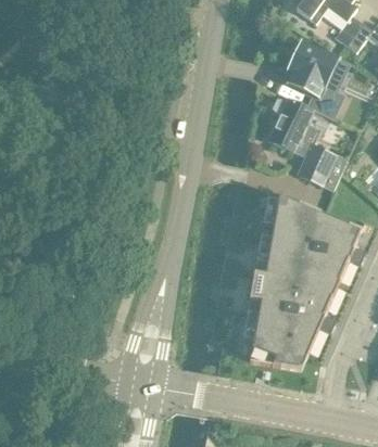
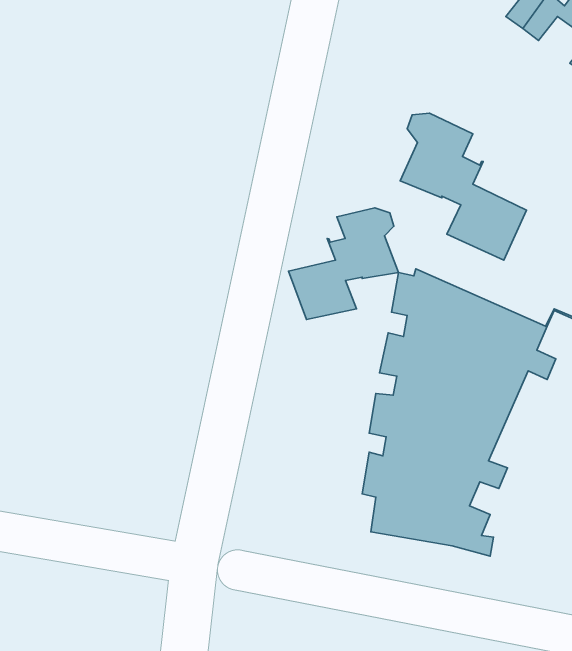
building: [287,40,342,117] -> none
building: none -> [288,208,398,319]

